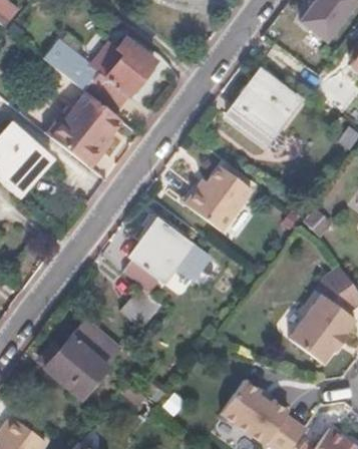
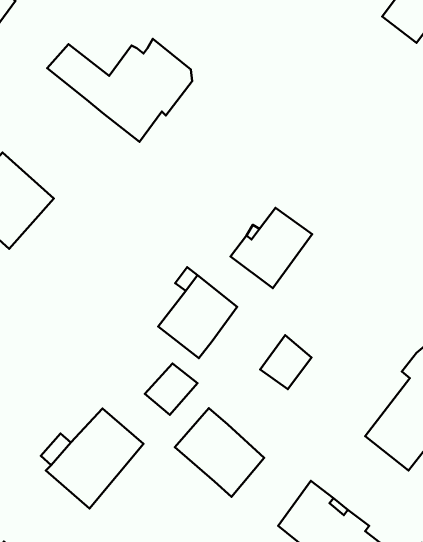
building: [228,71,297,143] -> none
building: [51,93,123,165] -> none
building: [170,241,210,282] -> [260,335,311,389]
building: none -> [175,408,264,497]

